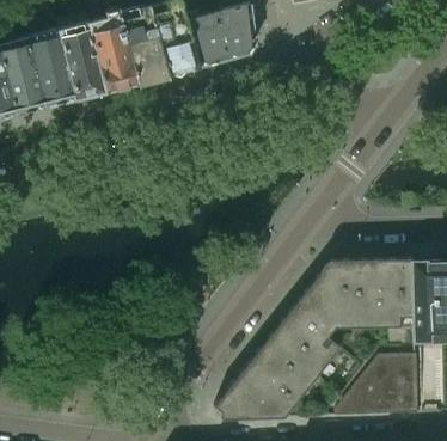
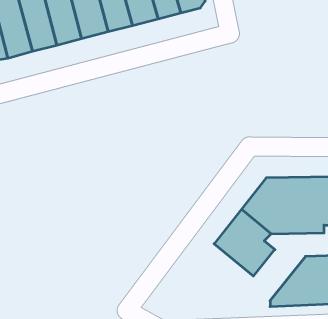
building: [214,339,314,419] -> none

